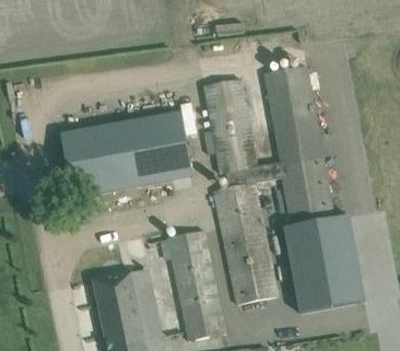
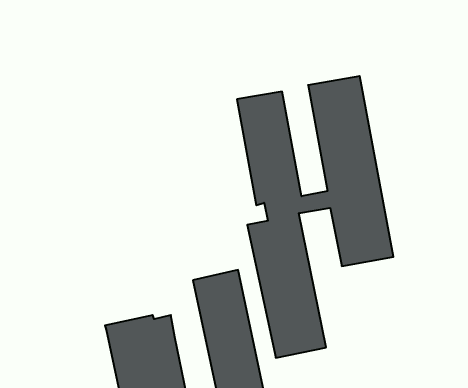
building: [64,109,197,197] -> none
building: [283,214,363,313] -> none

